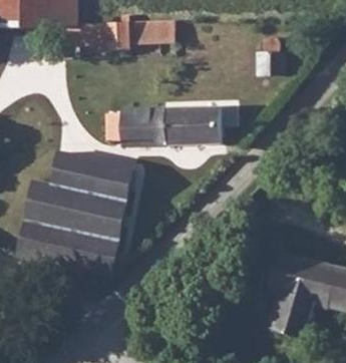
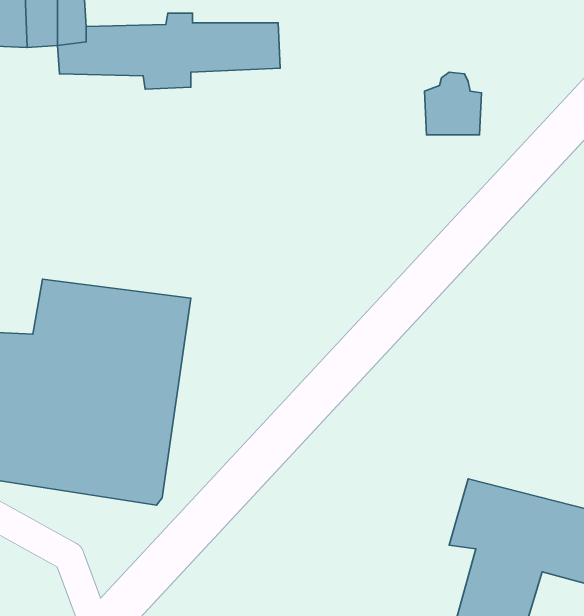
building: [108,101,242,147] -> none

